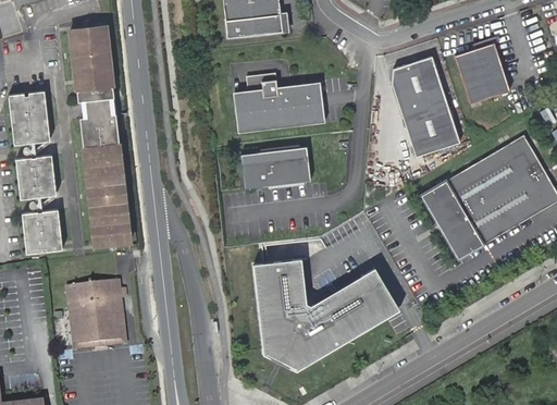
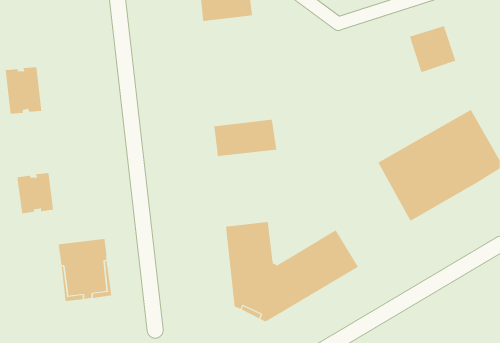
building: [70,24,129,243] -> none
building: [392,57,460,157] -> none
building: [232,73,323,133] -> none
building: [15,152,55,197] -> none

